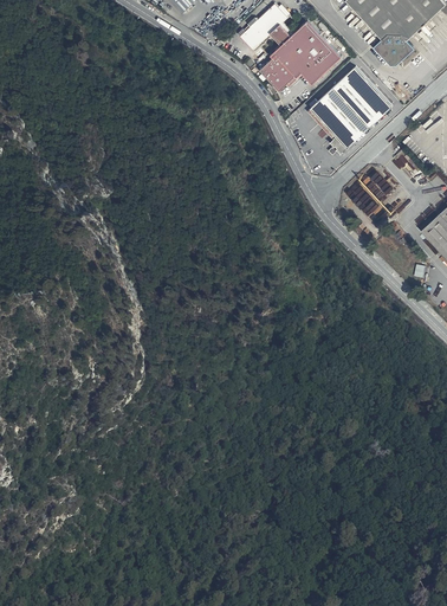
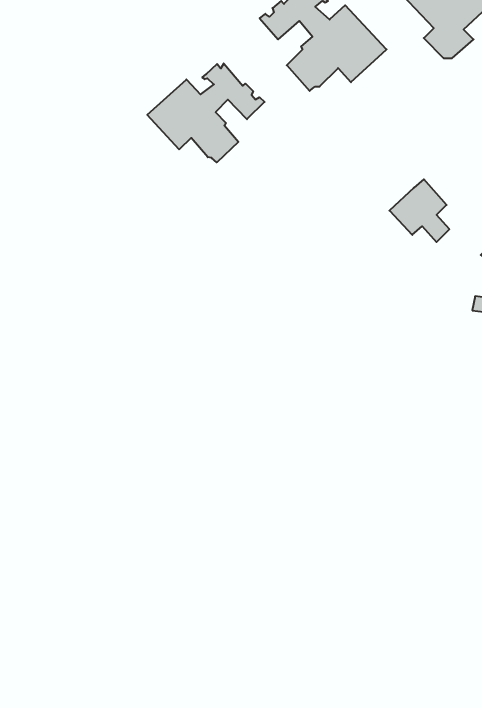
building: [307,66,393,153] -> none
building: none -> [147,63,265,162]

